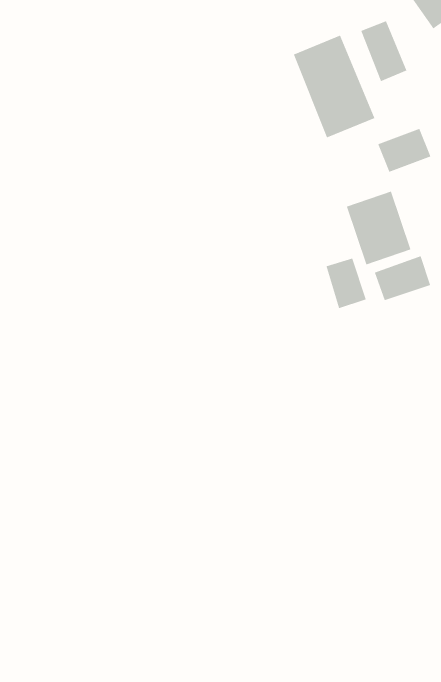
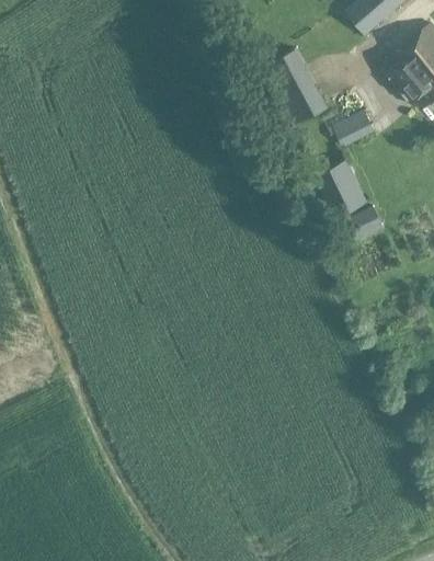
building: [360,20,407,82] -> none
building: [325,257,367,309] -> none

